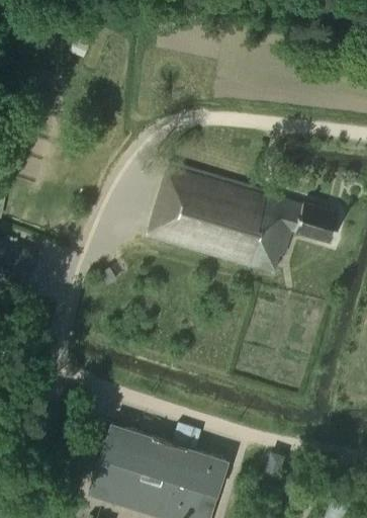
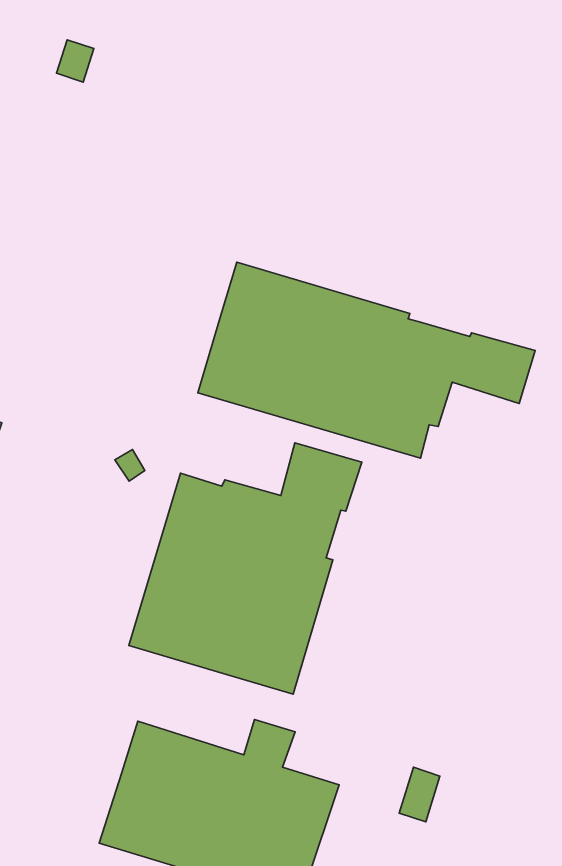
building: none -> [129,443,362,694]

